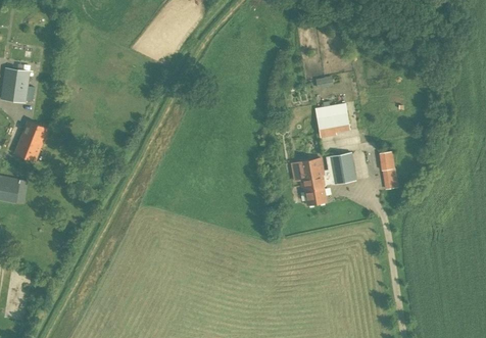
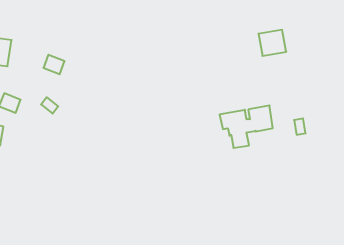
building: [315,102,350,135] -> [258,30,286,56]
building: [21,120,48,145] -> [43,55,65,74]

